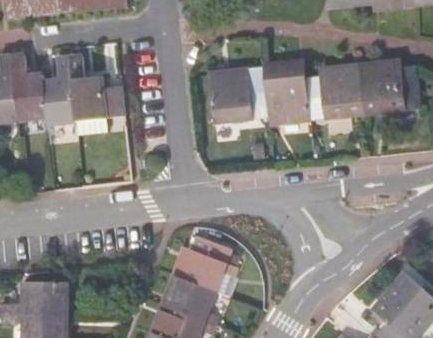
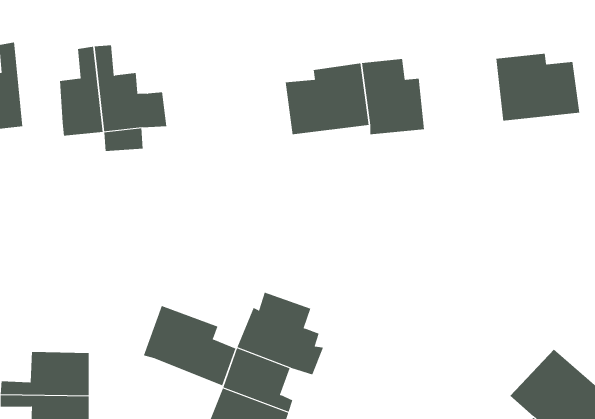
building: [14,54,48,116] -> none
building: [306,67,366,118] -> none
building: none -> [143,305,236,386]

